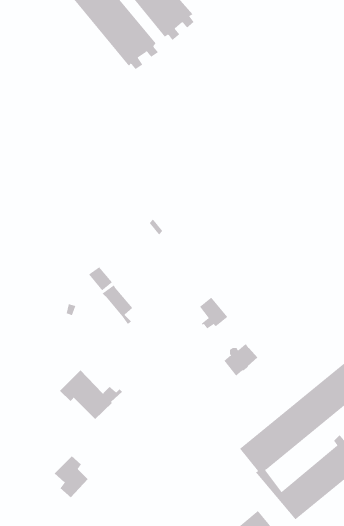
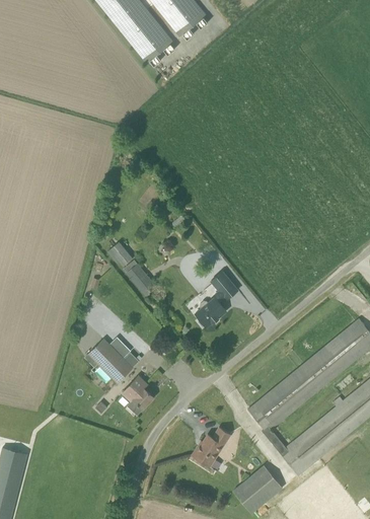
building: [224,343,258,377] -> [195,297,226,327]
building: [54,456,89,498] -> [122,376,153,415]
building: none -> [192,427,229,470]

